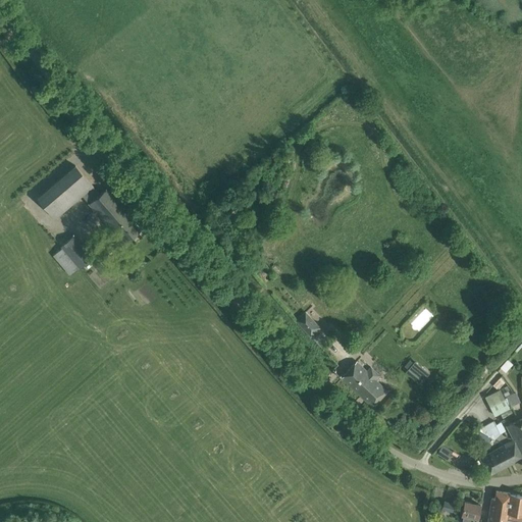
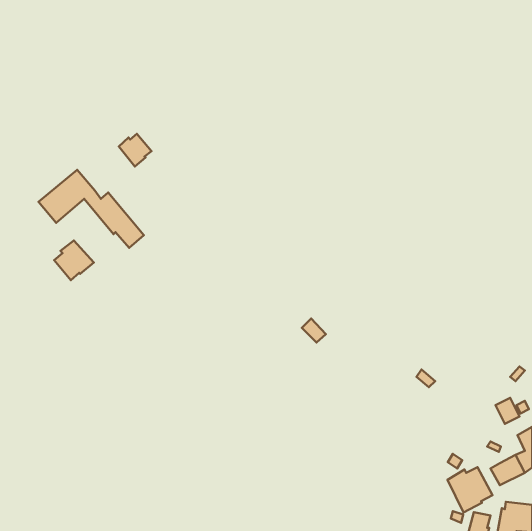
building: none -> [119,134,151,167]
building: [341,363,385,407] -> none
building: none -> [448,467,493,512]

